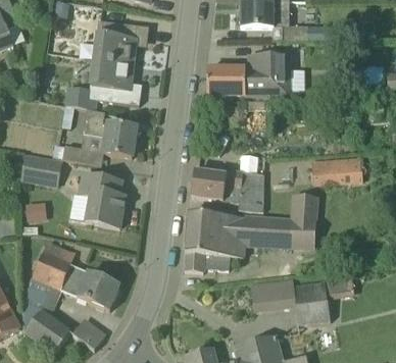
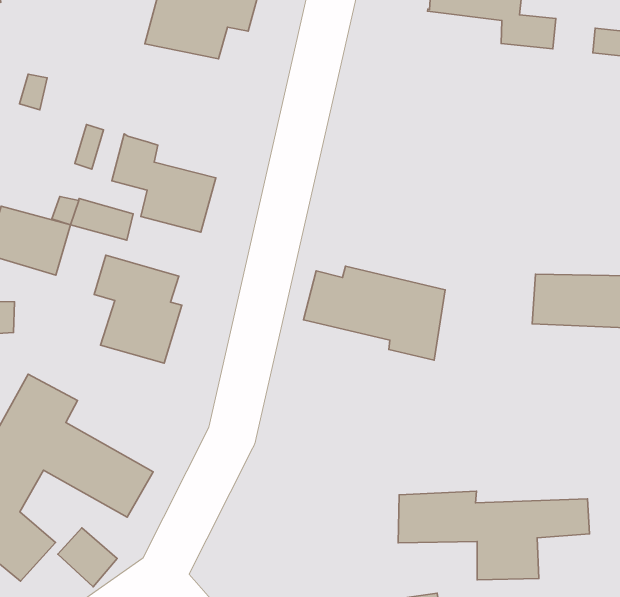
building: [206,55,288,95] -> none
building: [88,59,141,111] -> none
building: [184,198,319,272] -> none

